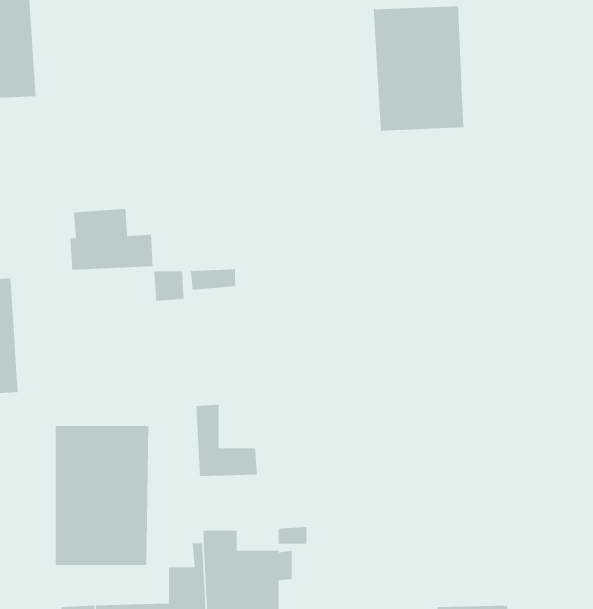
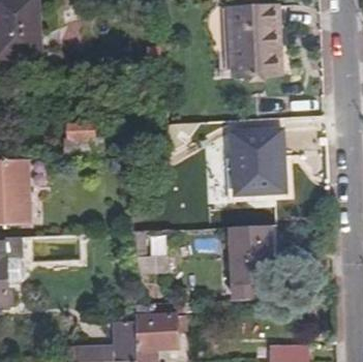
building: none -> [233,131,285,193]
building: none -> [229,225,273,299]
building: [55,425,149,566] -> none

